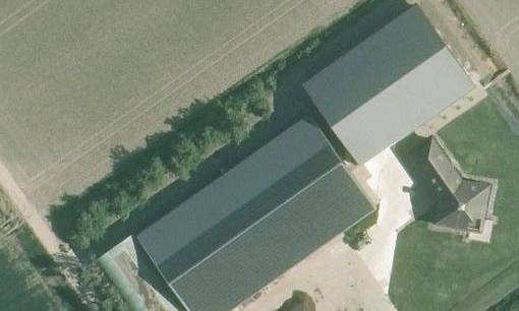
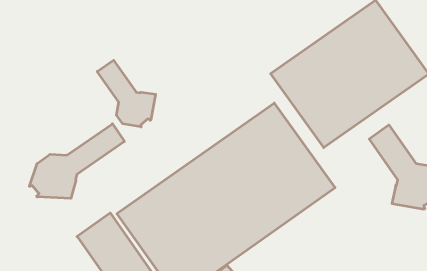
building: none -> [97,60,156,127]
building: none -> [29,124,124,198]

